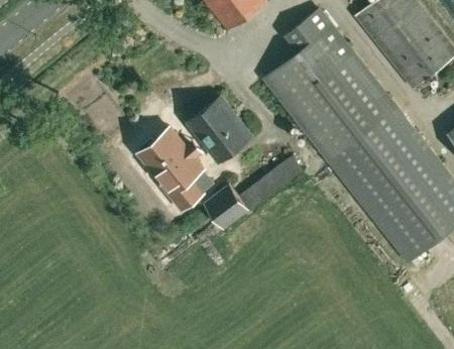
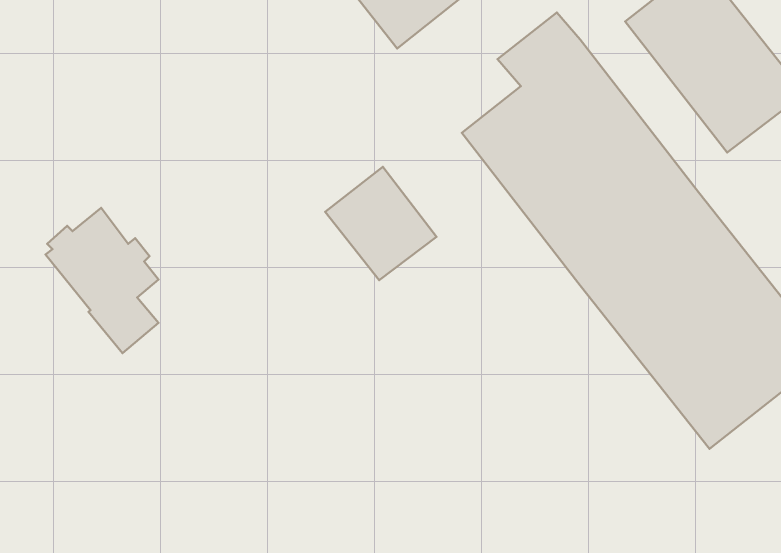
building: [139,128,203,210] -> [45,208,159,353]
building: [204,156,305,231] -> none

